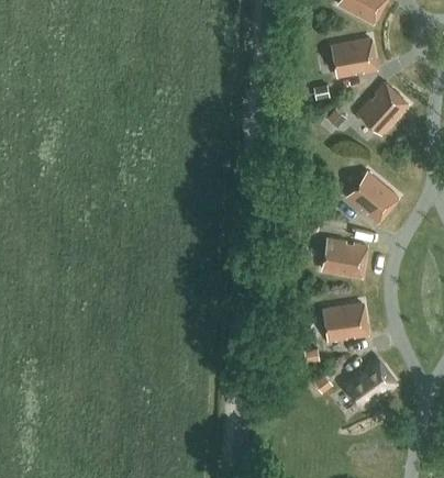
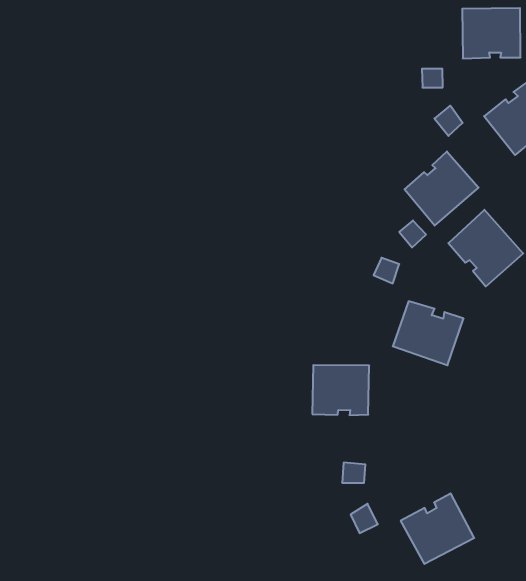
building: none -> [405,151,479,226]
building: [324,303,365,341] -> [312,365,369,415]

